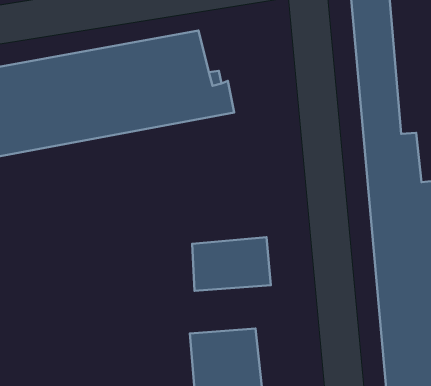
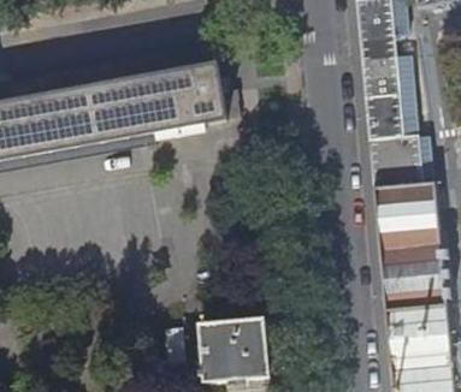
building: [192,237,271,291] -> none

